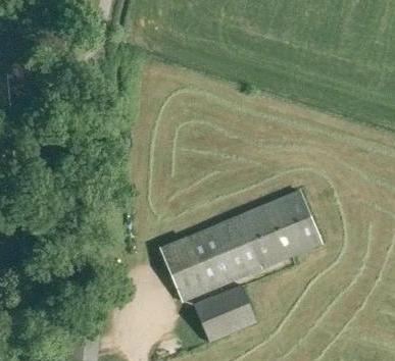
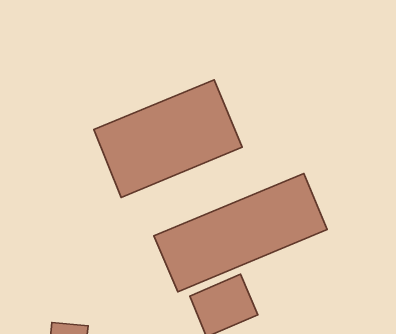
building: none -> [94,80,242,197]

